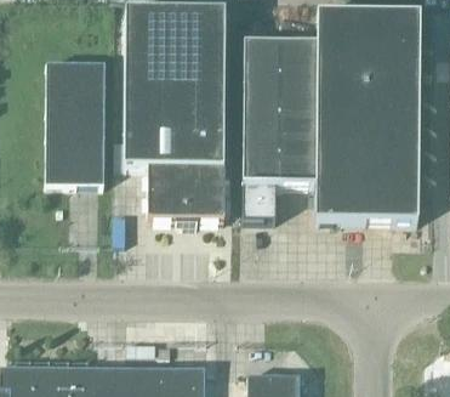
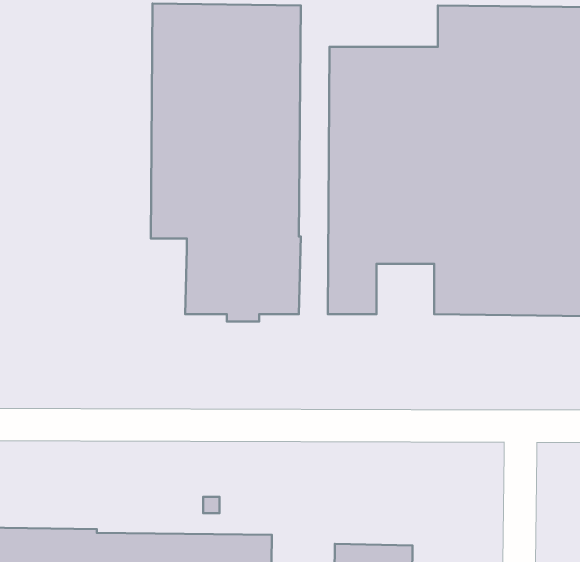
building: [45,62,104,183] -> none

